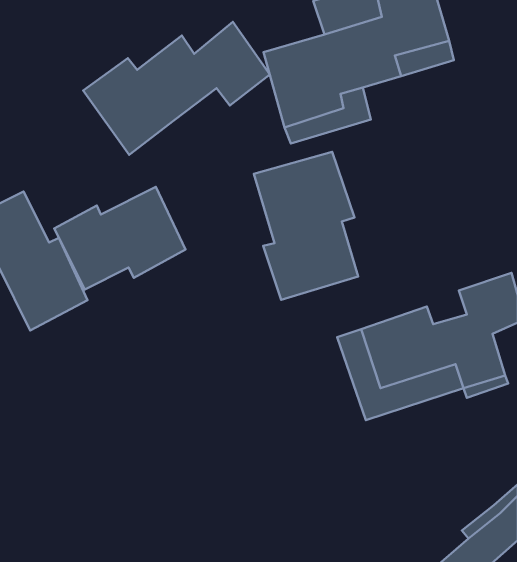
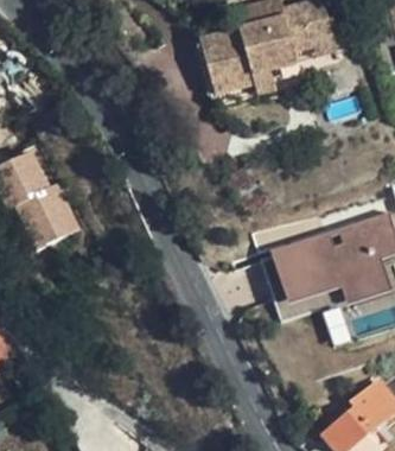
building: [83,22,270,155] -> none
building: [254,152,358,300] -> none
building: [54,187,186,290] -> none

